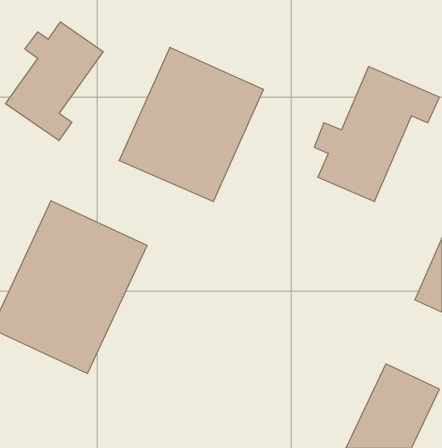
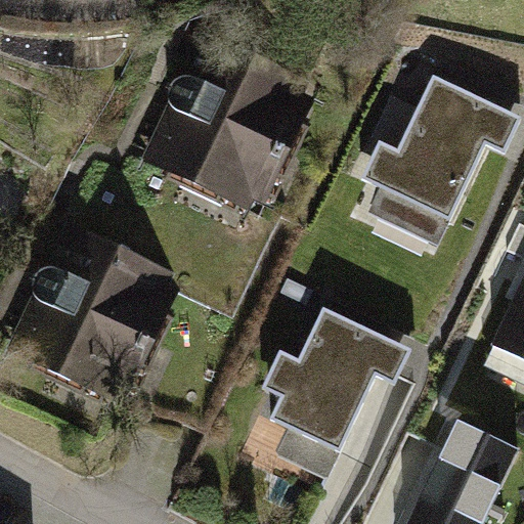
building: [5,22,103,141] -> none
building: none -> [257,302,414,478]

